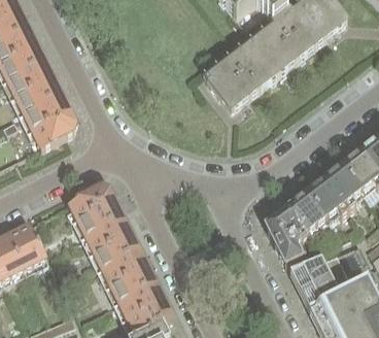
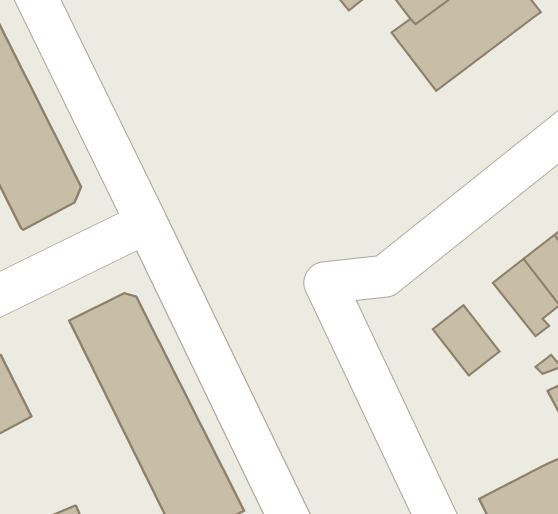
building: [204,29,289,109] -> none
building: [306,179,349,221] -> none
building: [268,207,309,264] -> none
building: [296,252,355,309] -> none

